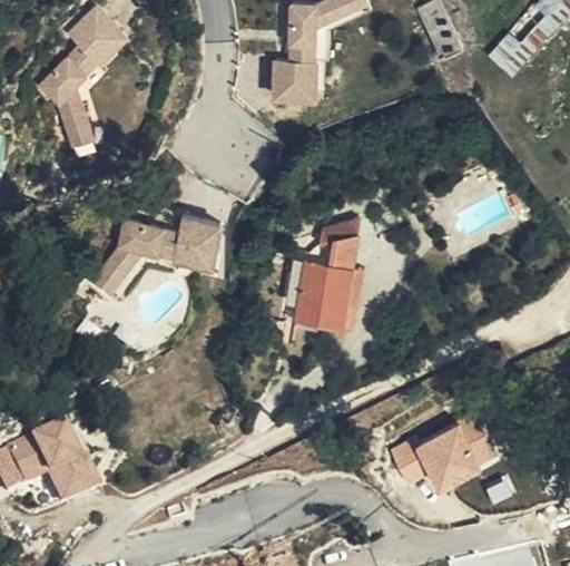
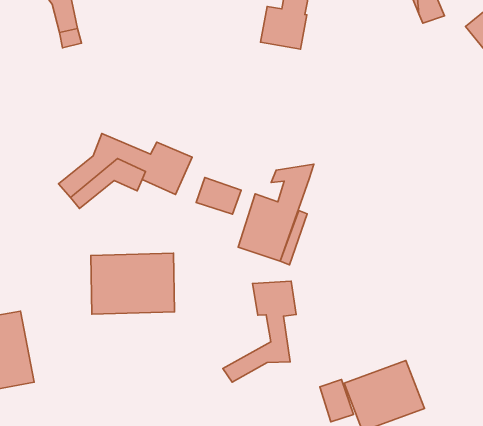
building: none -> [196,178,241,214]
building: none -> [91,253,174,314]
building: none -> [223,281,296,382]

